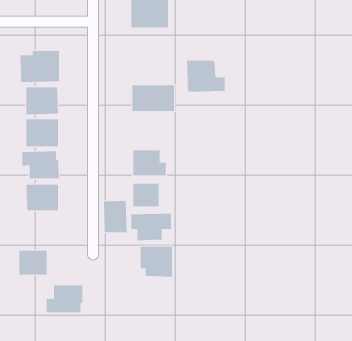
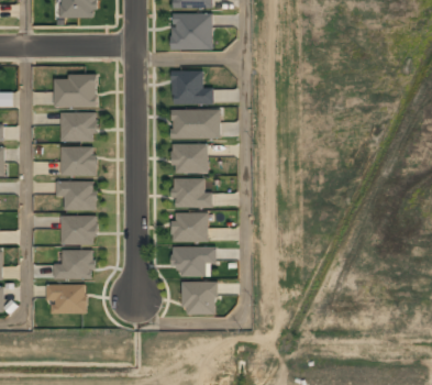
building: [186,60,226,92] -> [171,70,213,105]
building: none -> [173,143,208,173]
building: [103,200,127,233] -> none
building: [46,285,83,313] -> [54,250,93,279]

